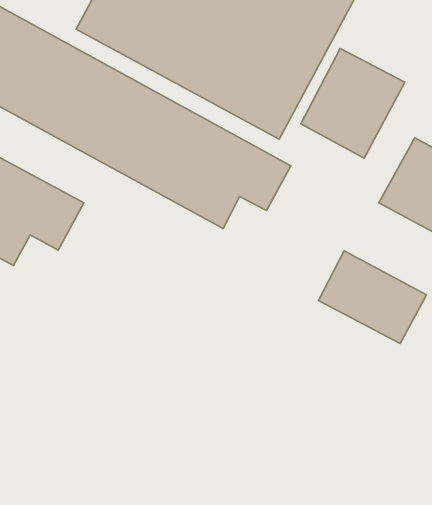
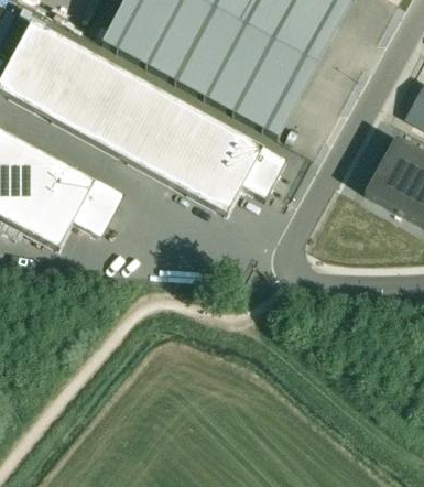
building: [301,48,405,158] -> none
building: [318,251,427,344] -> none

